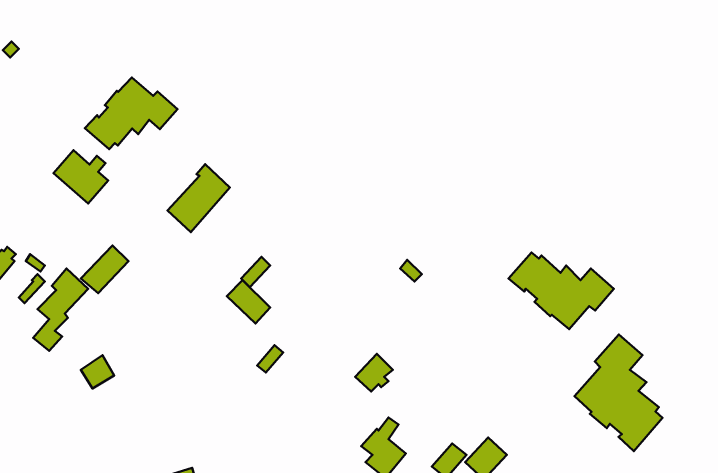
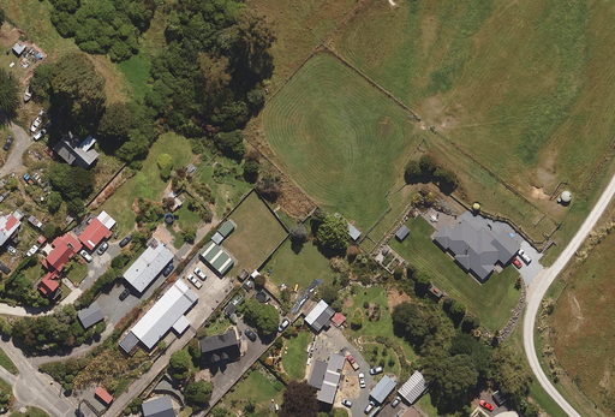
building: [85,77,177,149] -> none
building: [168,164,230,232] -> [121,236,173,292]
building: none -> [118,278,198,356]
building: [575,335,662,451] -> none
building: none -> [197,329,240,364]

